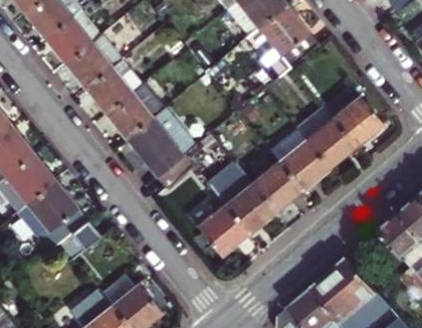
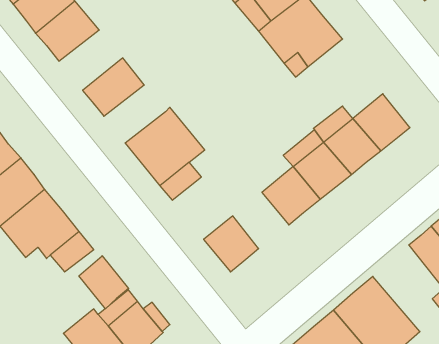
building: [66,37,124,92] -> none
building: [107,87,162,139] -> none
building: [206,163,272,233] -> none
building: none -> [79,256,129,309]

